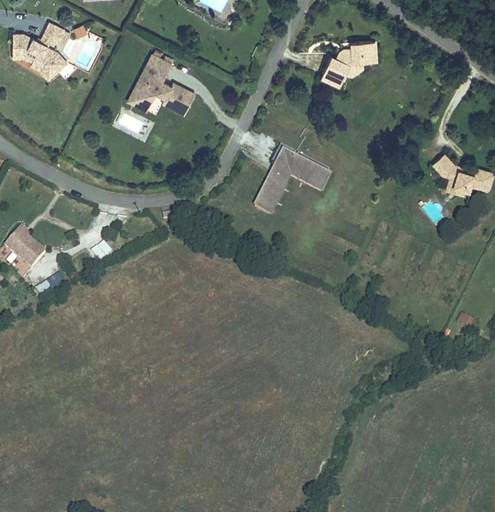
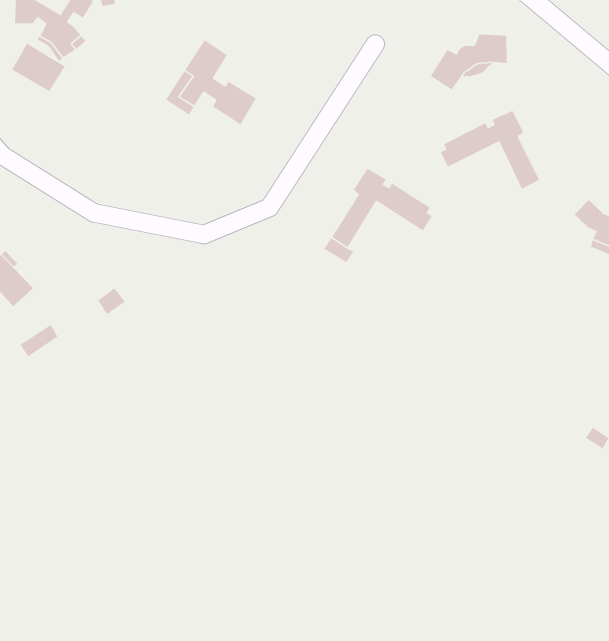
building: none -> [11,42,66,92]
building: none -> [440,110,540,190]
building: [271,166,325,204] -> none

